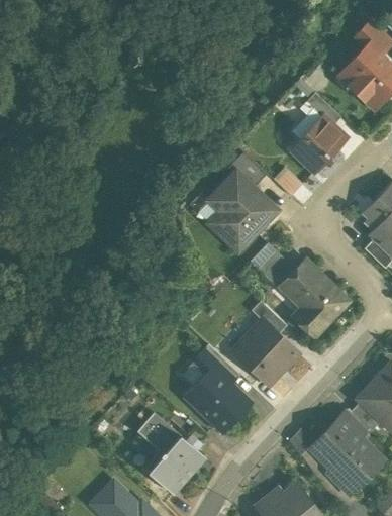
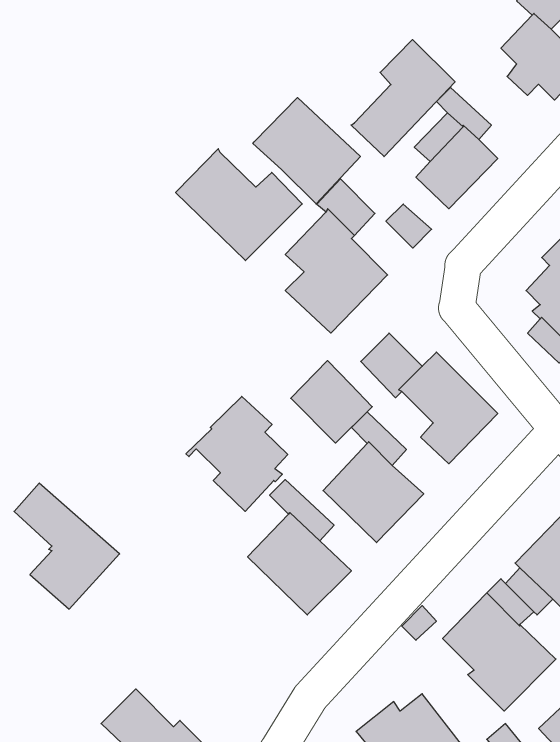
building: none -> [351,40,455,157]
building: none -> [253,98,360,204]
building: none -> [176,149,302,261]
building: none -> [291,361,372,443]
building: none -> [186,396,288,511]
building: [136,411,204,492] -> [14,483,120,609]

